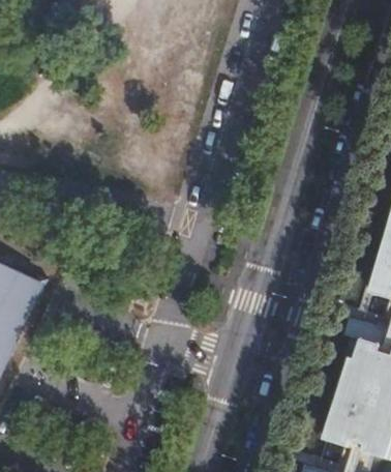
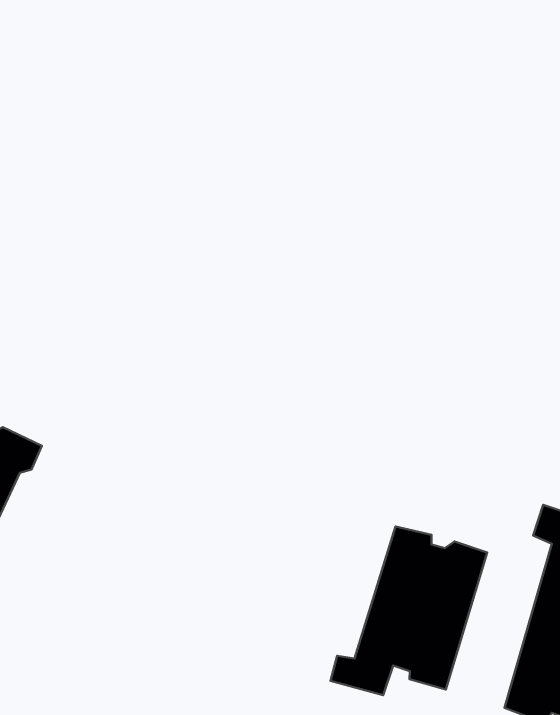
building: none -> [331,526,487,695]

